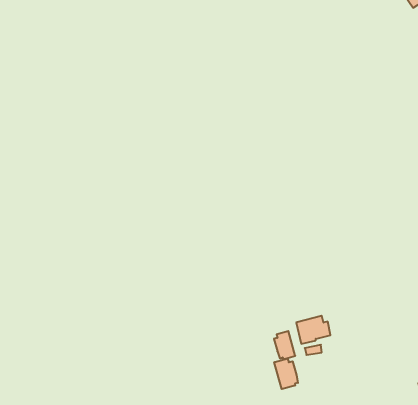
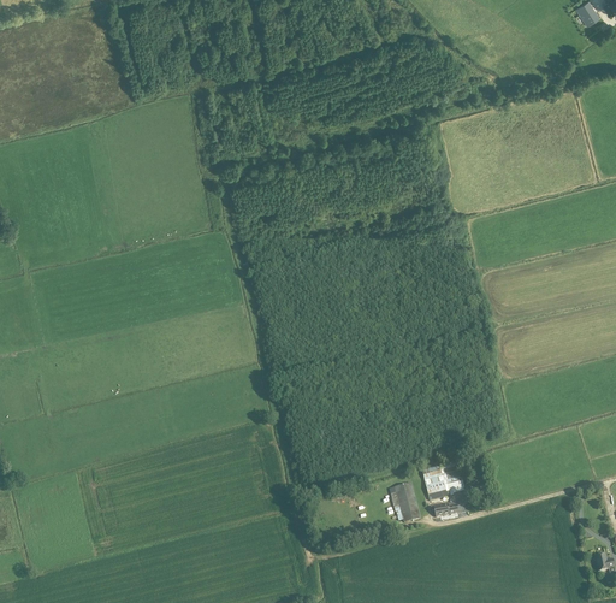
building: [274,359,298,389] -> none

